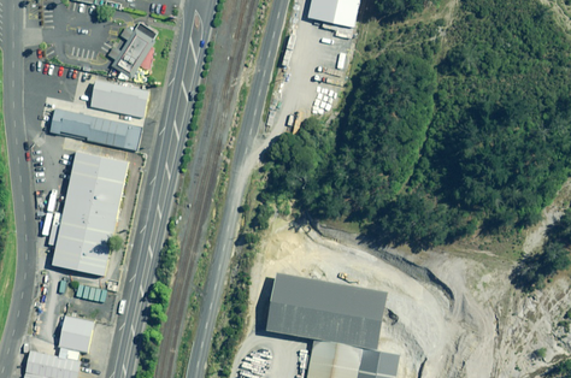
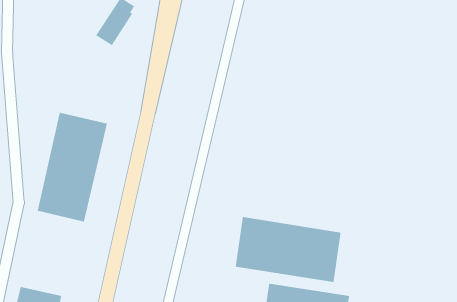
building: [87,79,145,117] -> none
building: [46,105,140,152] -> none
building: [55,315,92,353] -> none

